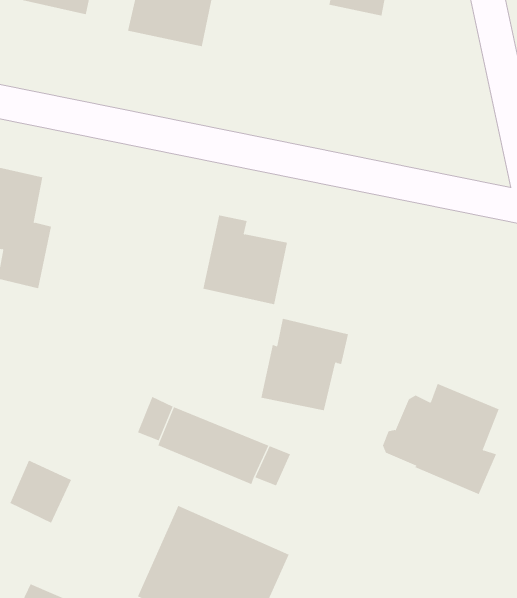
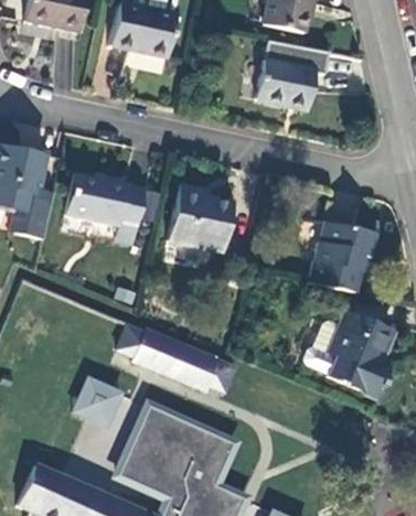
building: none -> [258,40,333,110]
building: none -> [65,172,146,245]
building: [261,318,349,411] -> [308,219,375,290]
building: [10,460,72,524] -> [74,376,121,424]

